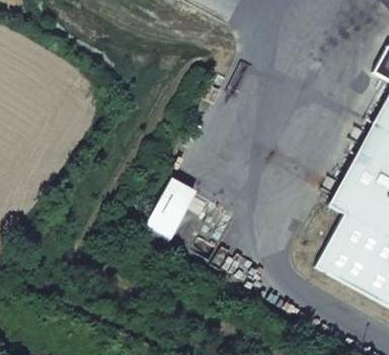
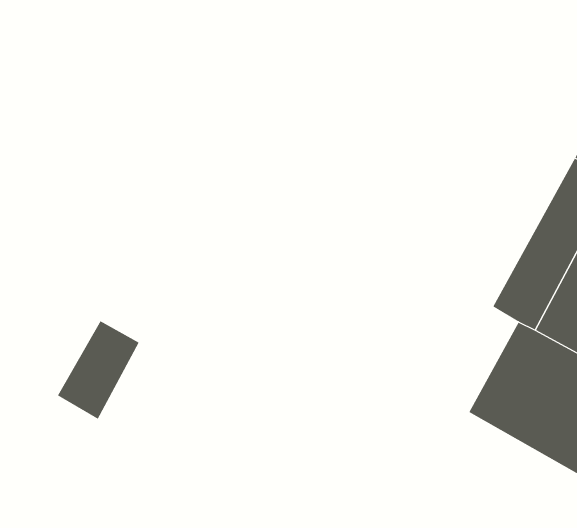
building: [148,178,197,236] -> [57,320,139,420]

